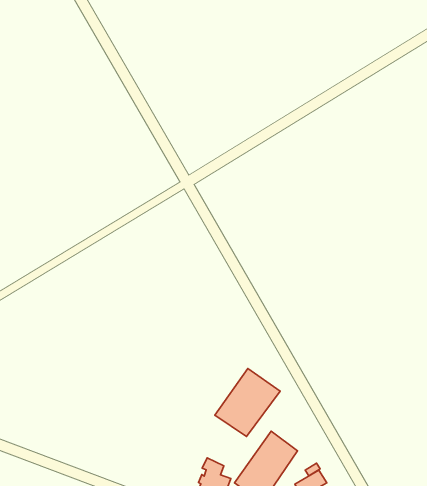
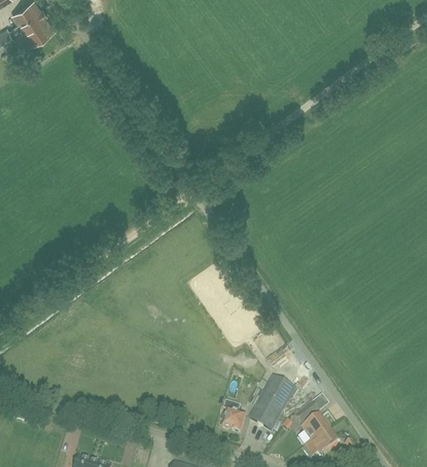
building: [215,368,280,437] -> none

